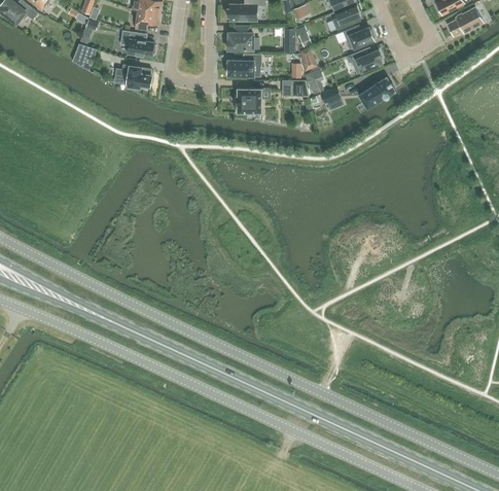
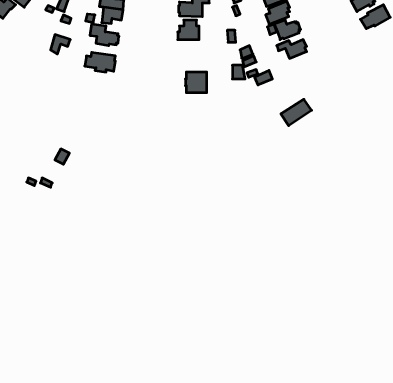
building: [226,54,261,76] -> none
building: [358,77,395,109] -> [281,99,312,126]

